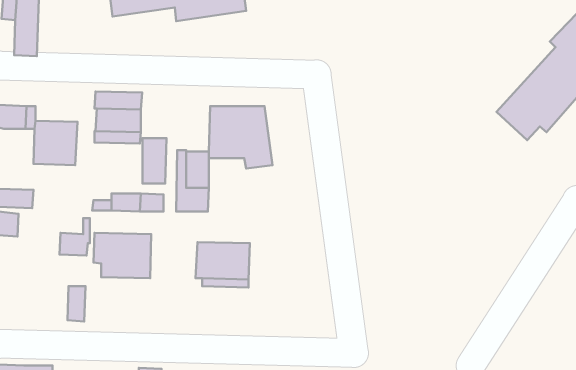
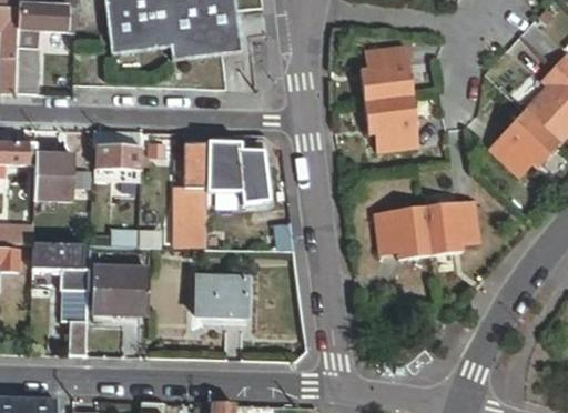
building: none -> [359,44,418,151]
building: [143,138,166,183] -> [184,143,207,188]
building: none -> [373,200,479,259]
building: none -> [33,243,83,269]

